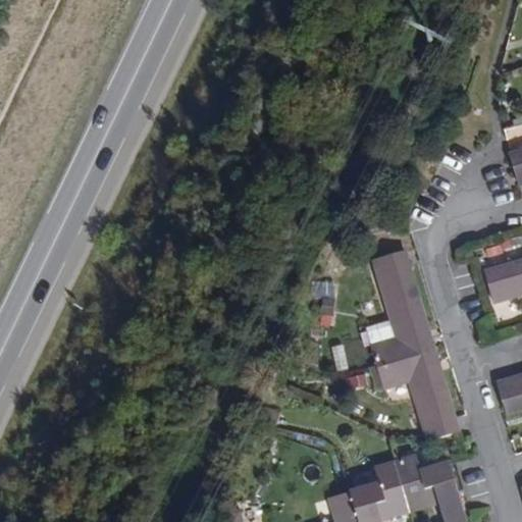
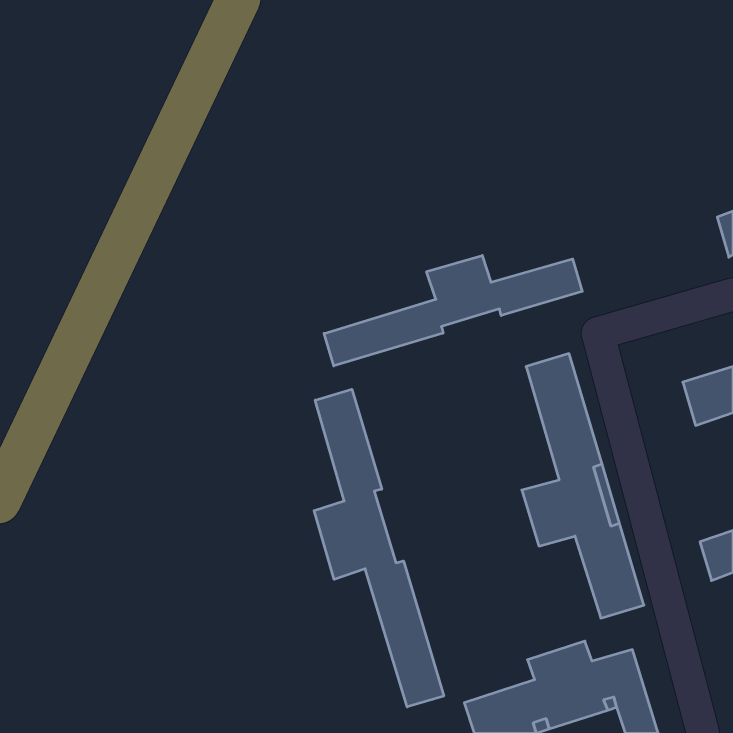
building: none -> [324,255,582,366]
building: none -> [314,389,444,707]

